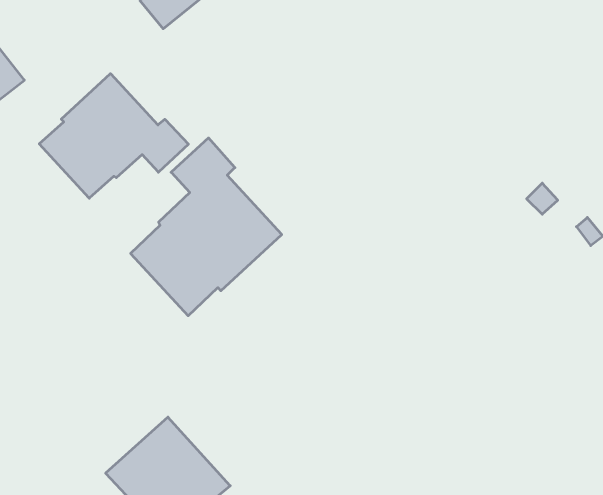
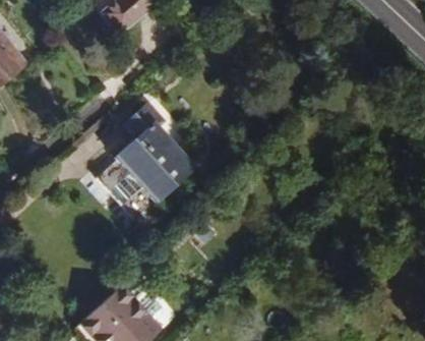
building: [39,74,188,198] -> none

